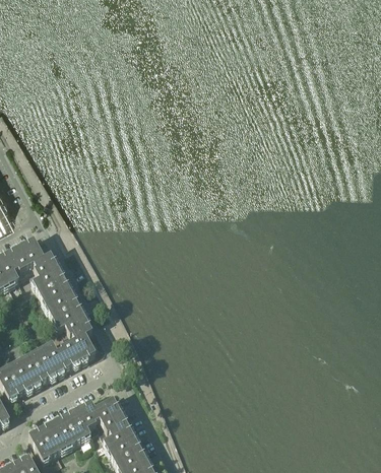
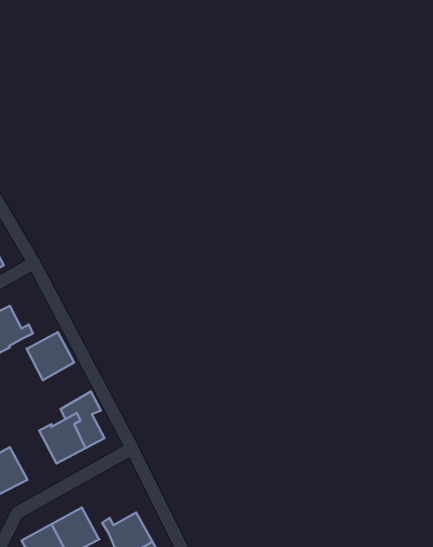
building: [19,240,58,282] -> none
building: [46,293,84,332] -> none
building: [19,348,57,388] -> none
building: [77,399,121,434] -> none

